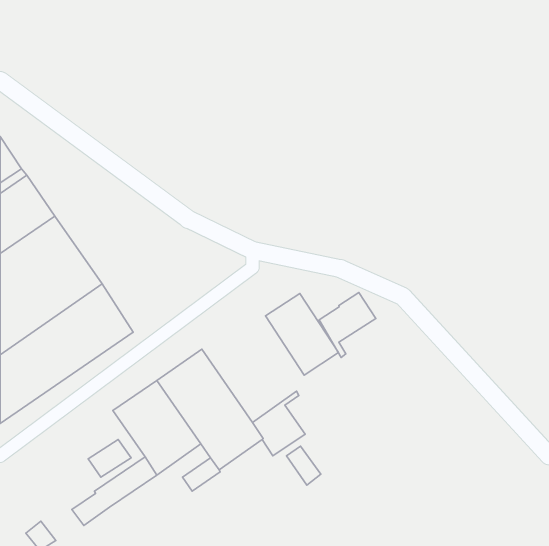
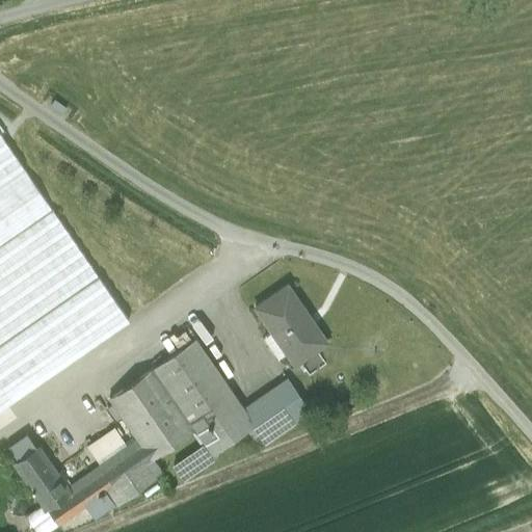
building: [319,292,376,357] -> none
building: [286,446,321,485] -> [275,385,309,423]
building: none -> [16,450,81,527]
building: none -> [106,462,162,509]

